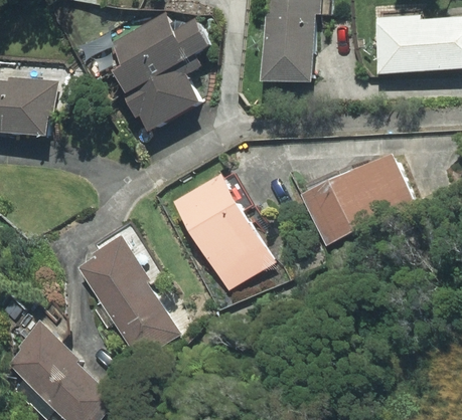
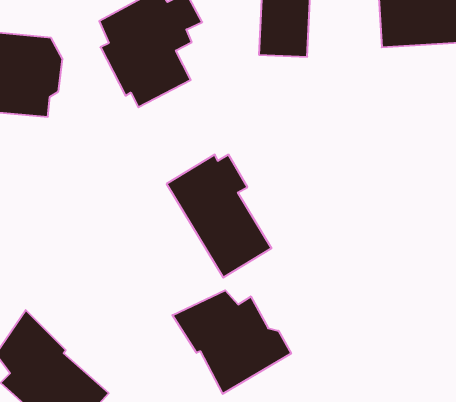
building: [301,156,413,245] -> none
building: [78,224,177,360] -> none
building: none -> [172,290,291,394]

